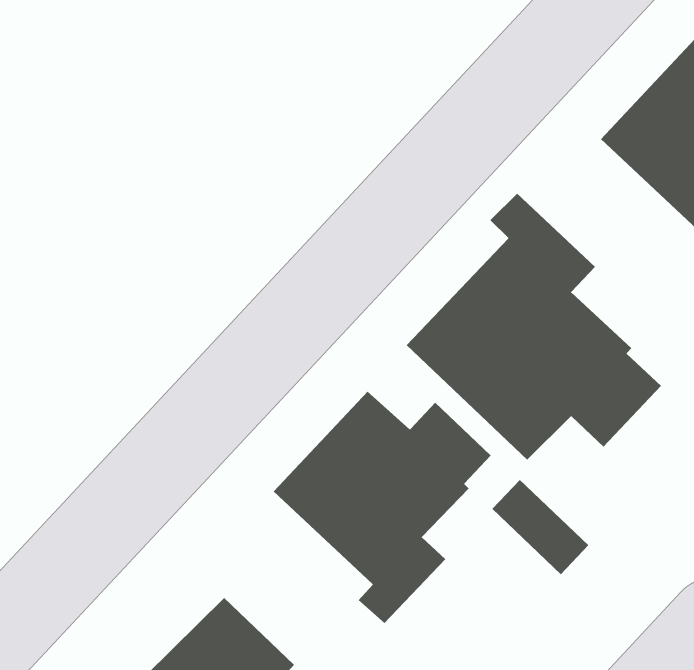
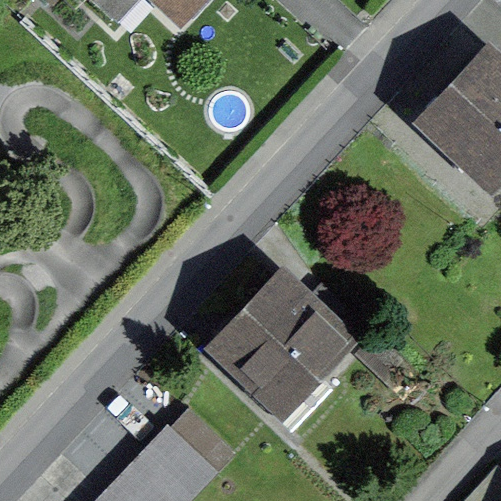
building: [406,193,662,460] -> none

